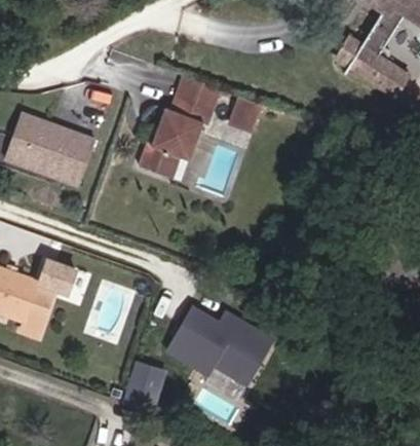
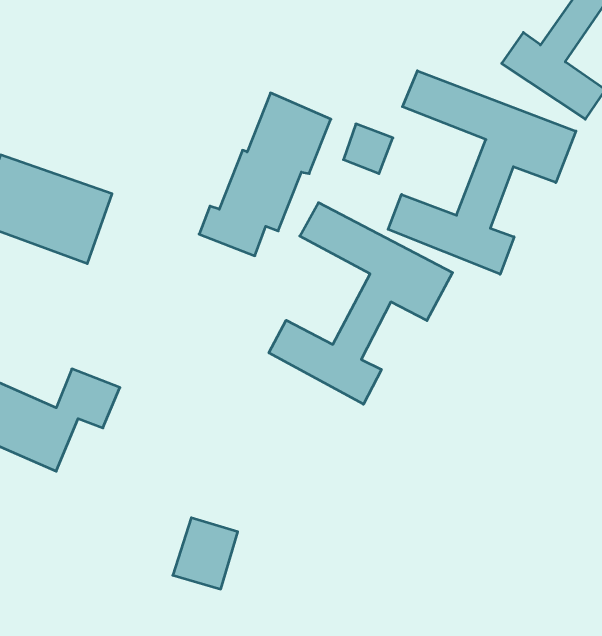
building: none -> [388,71,576,274]
building: none -> [269,203,453,404]
building: [161,301,272,386] -> none

